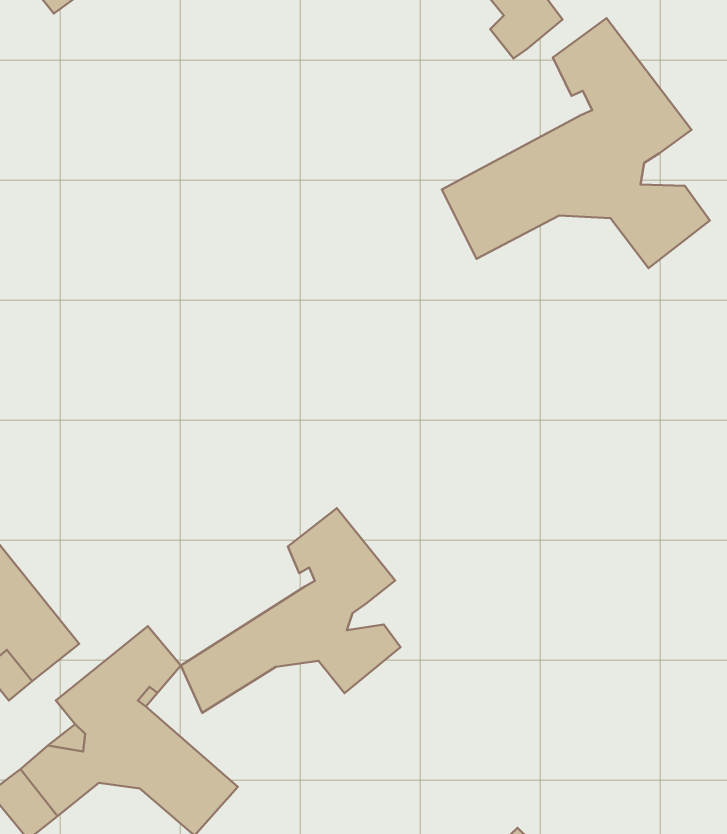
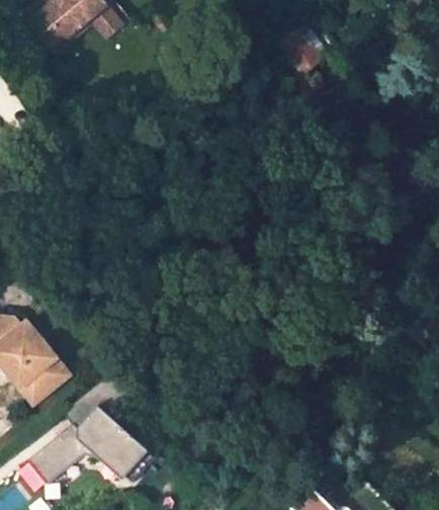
building: [442,18,710,268] -> none
building: [181,508,401,713] -> none

